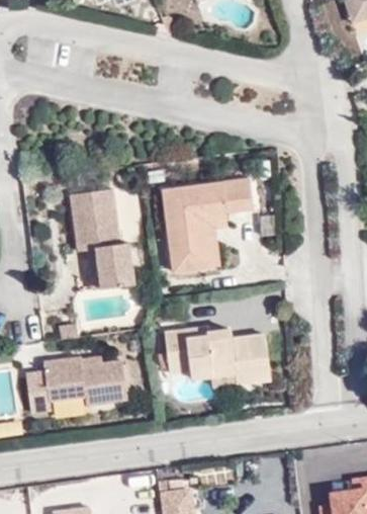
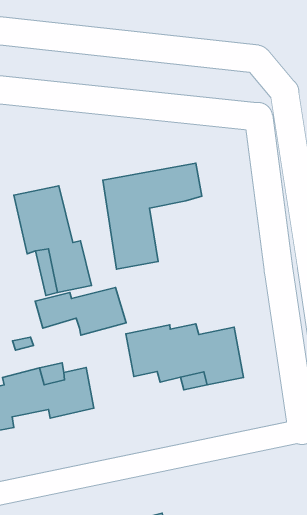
building: [198,210,235,265] -> none
building: none -> [35,287,126,335]

